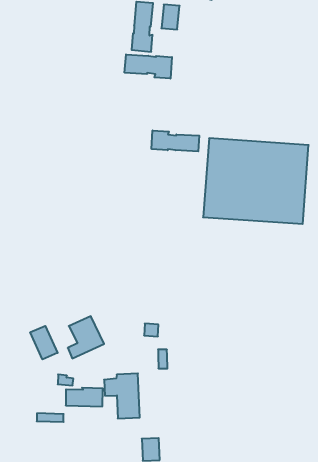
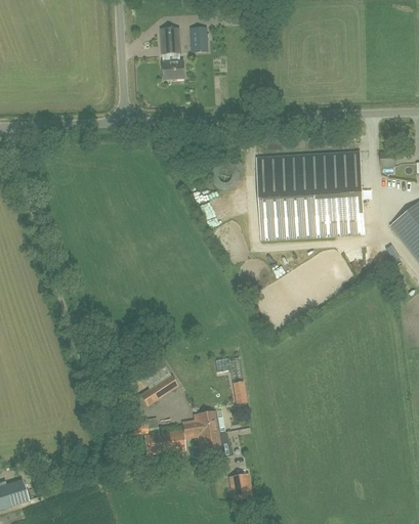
building: [125,54,172,79] -> none
building: [152,130,199,151] -> none
building: [30,326,58,359] -> none

